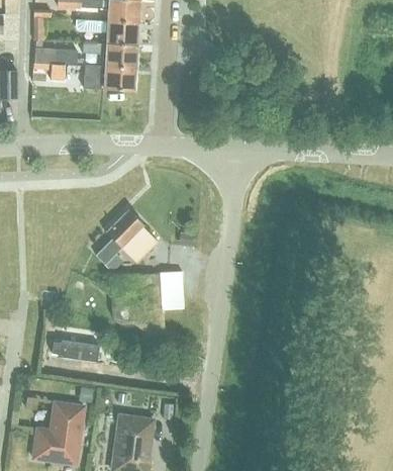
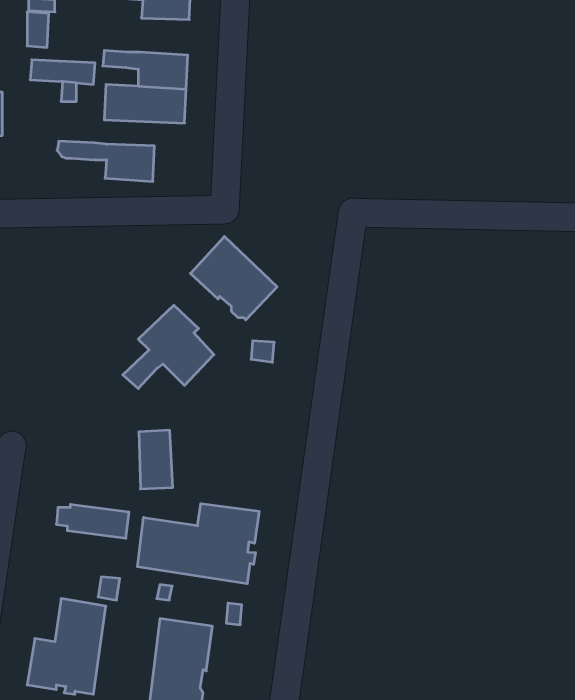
building: [75,19,138,45] -> [57,141,154,181]
building: none -> [190,236,277,320]
building: [162,271,184,309] -> [139,430,173,489]
building: none -> [137,504,259,584]

